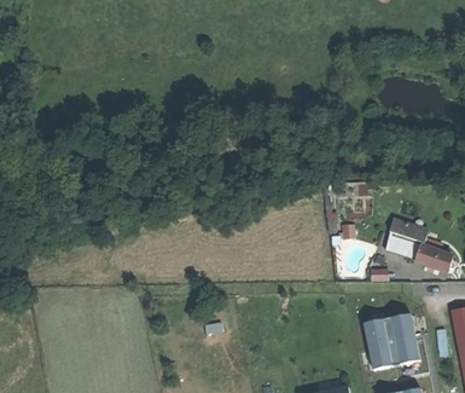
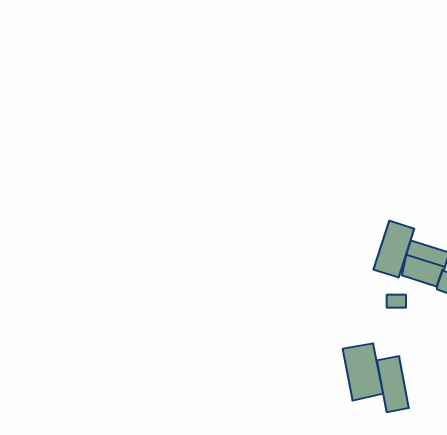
building: none -> [374,221,414,278]
building: [384,314,419,364] -> [343,343,383,401]

